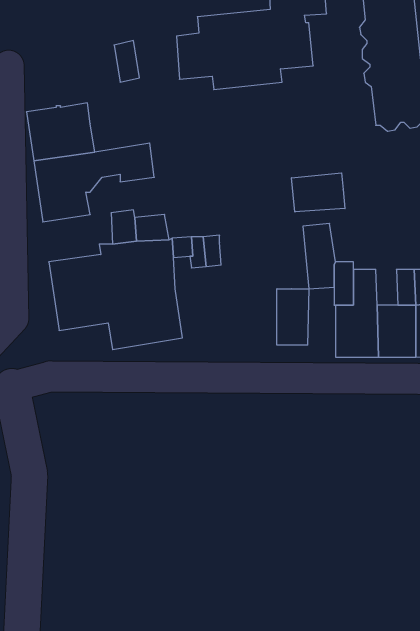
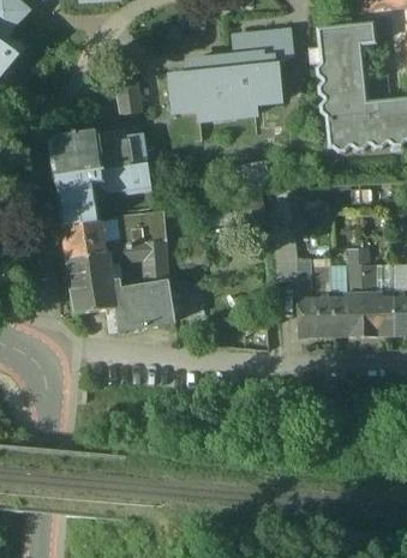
building: none -> [100,134,148,170]
building: [292,173,345,212] -> none
building: none -> [61,221,108,259]
building: [277,289,309,345] -> none

